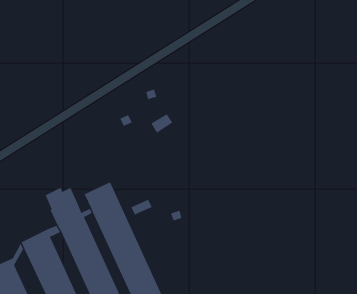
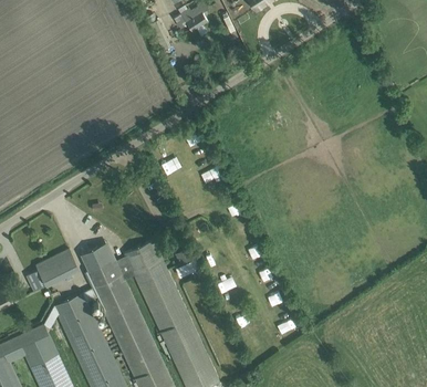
building: none -> [35,250,79,286]

